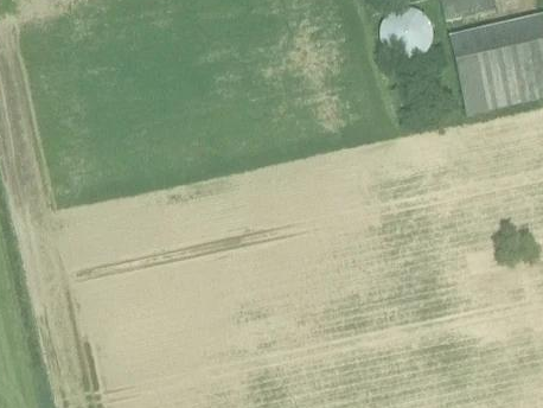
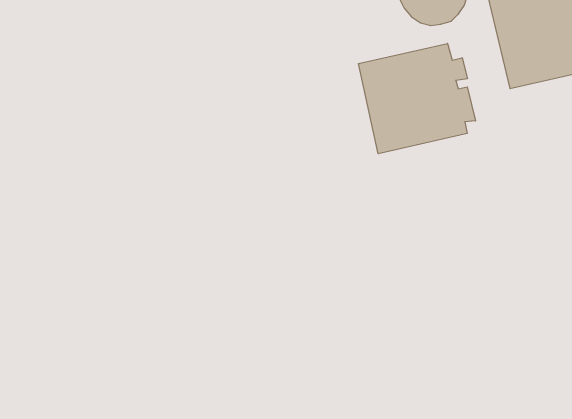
building: none -> [358,43,475,154]

